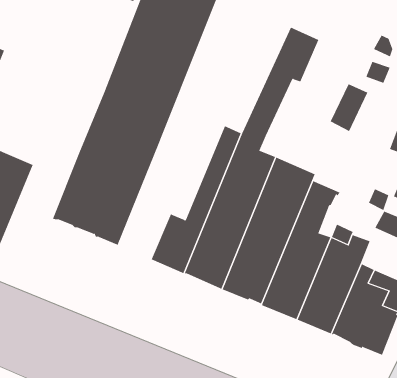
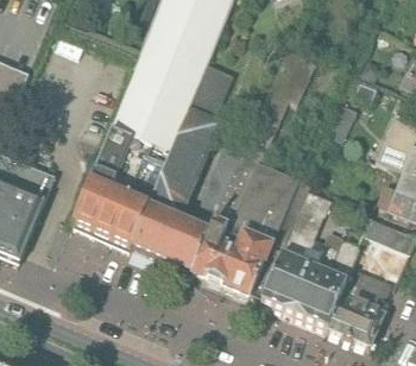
building: none -> [132,61,232,258]

